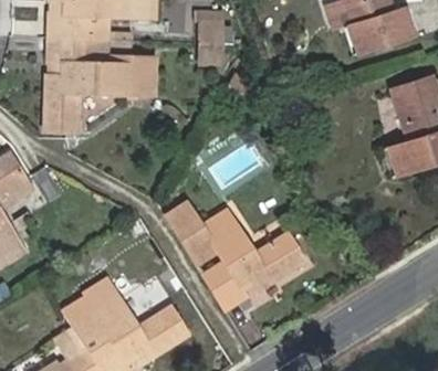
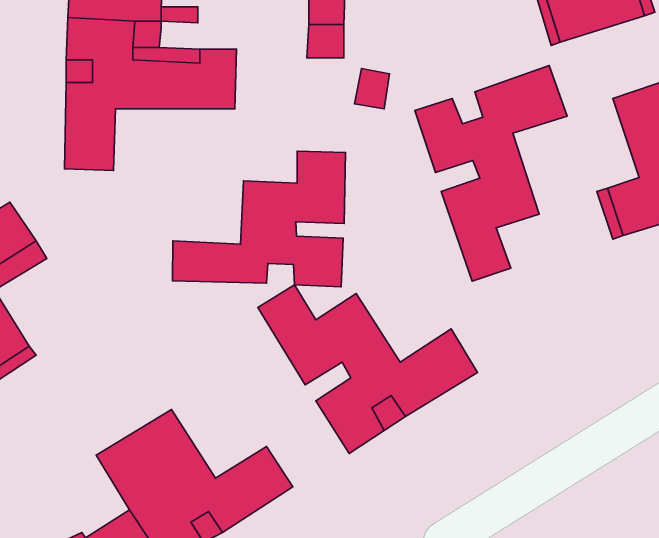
building: none -> [415,66,567,281]
building: none -> [173,151,346,287]

